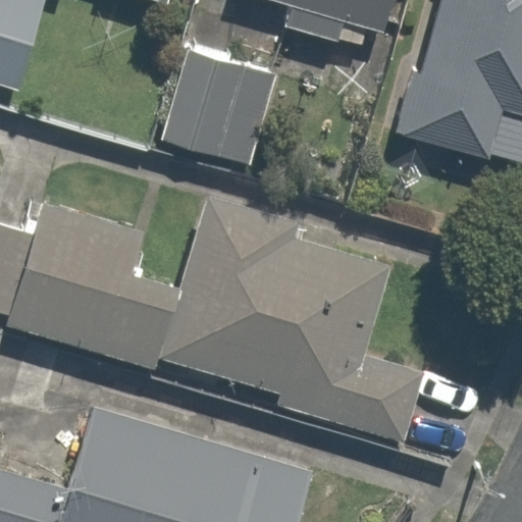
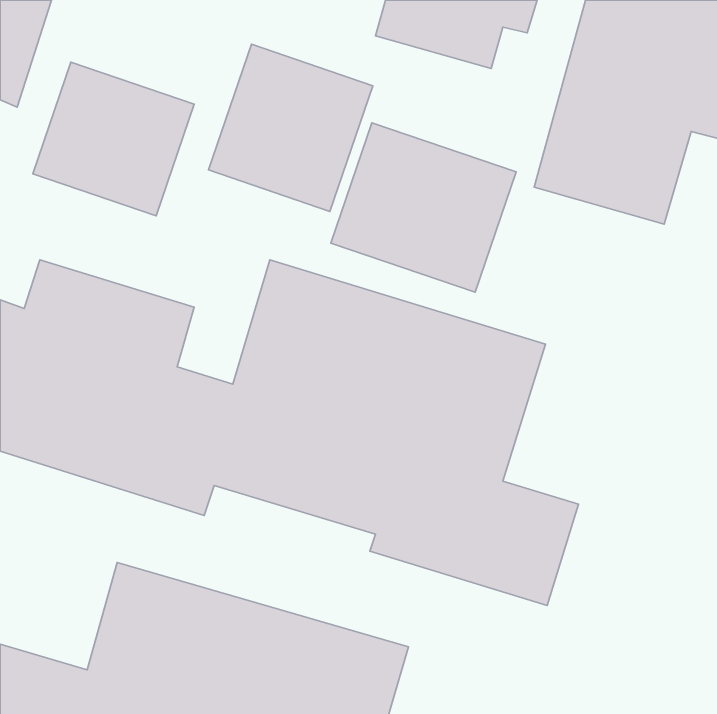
building: none -> [33,62,194,216]
building: none -> [331,123,516,292]

